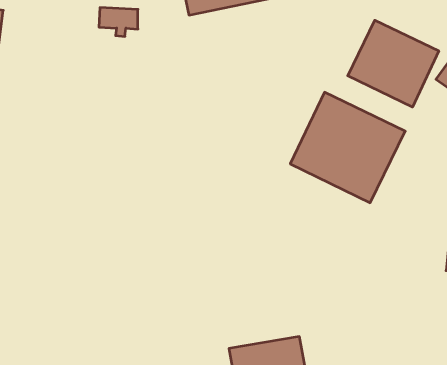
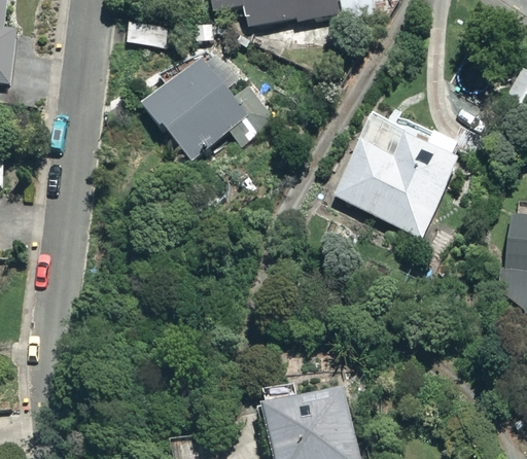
building: [348,20,439,107] -> none
building: none -> [143,52,253,162]

